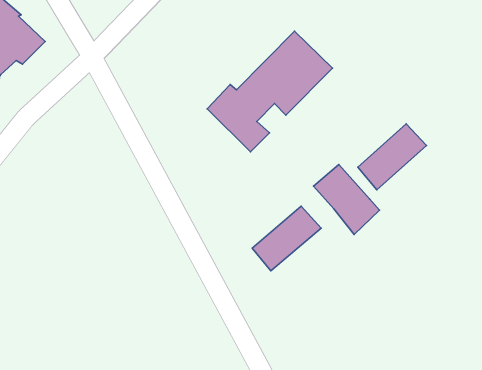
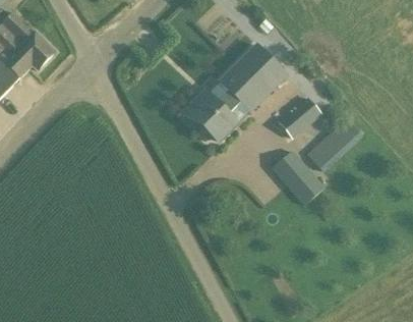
building: none -> [278,96,327,139]
building: [252,206,321,271] -> none

